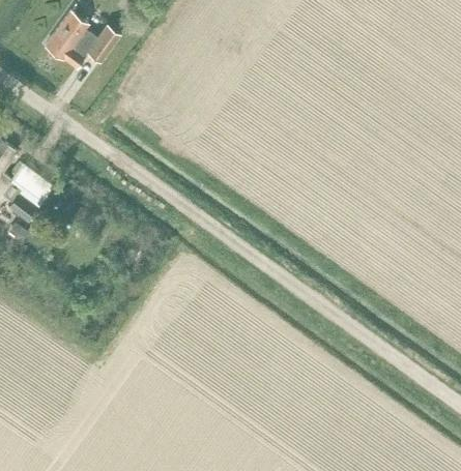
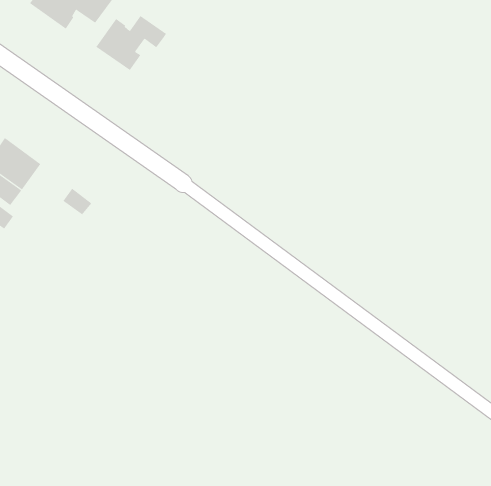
building: none -> [96,15,167,71]

